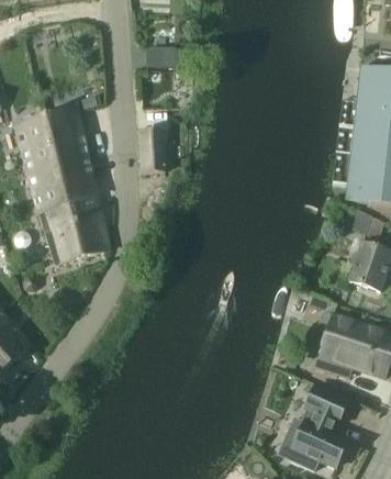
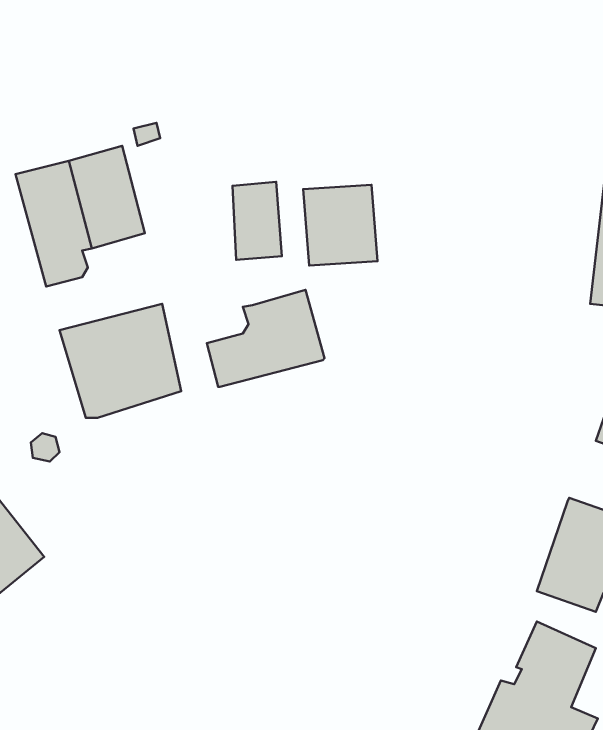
building: [147,46,181,65] -> none
building: none -> [303,185,377,265]
building: [32,157,100,213] -> [207,290,325,387]

